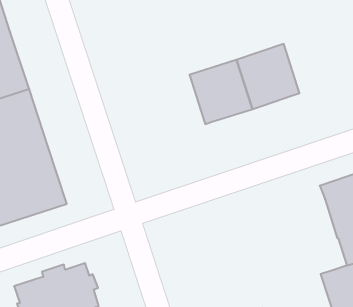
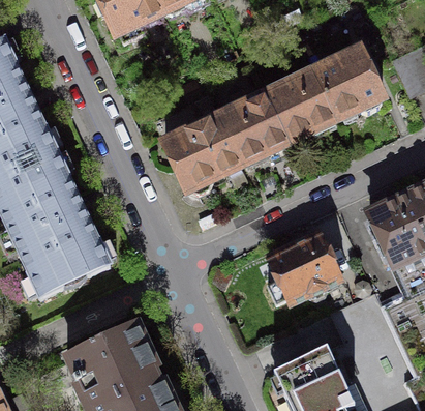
building: none -> [313,47,383,117]
building: none -> [165,113,243,192]
building: none -> [268,231,343,300]

